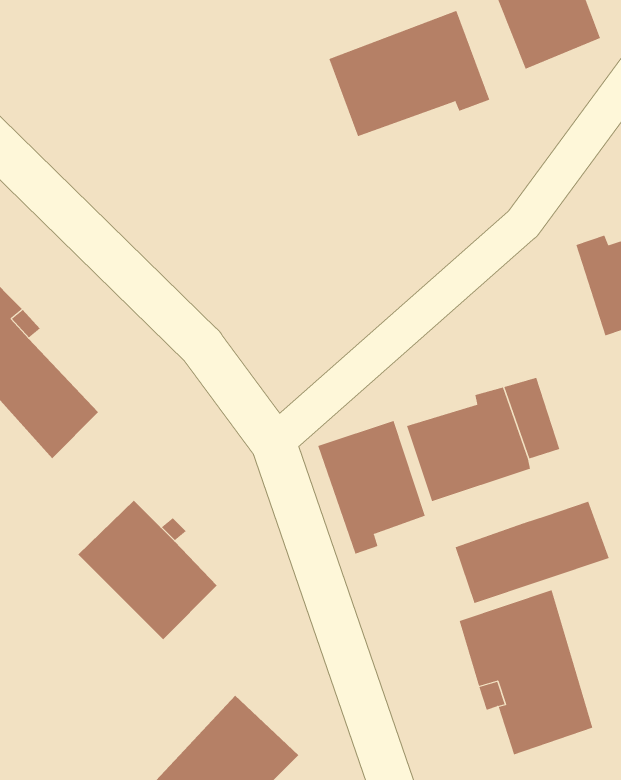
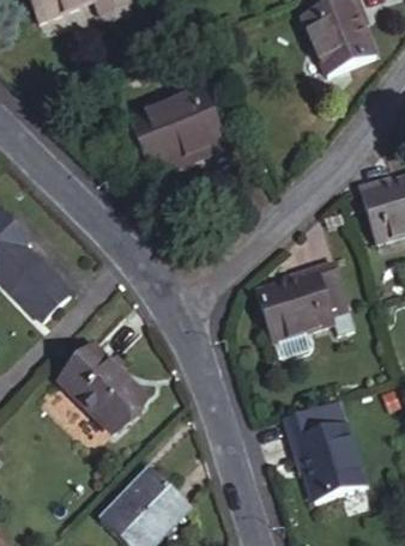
building: [328,10,490,137] -> [122,90,222,168]
building: [318,420,426,554] -> none
building: [455,501,609,604] -> none

